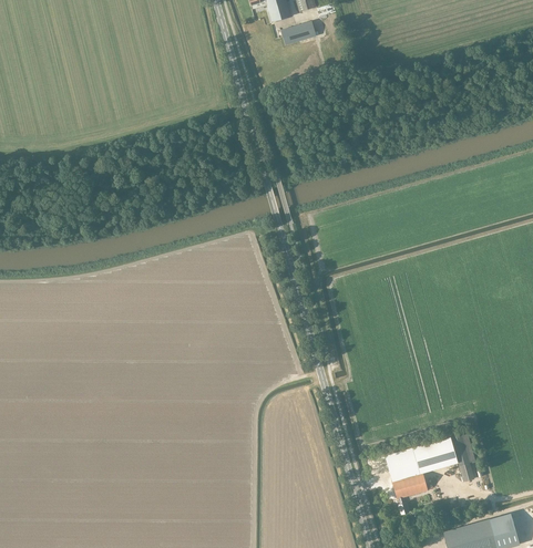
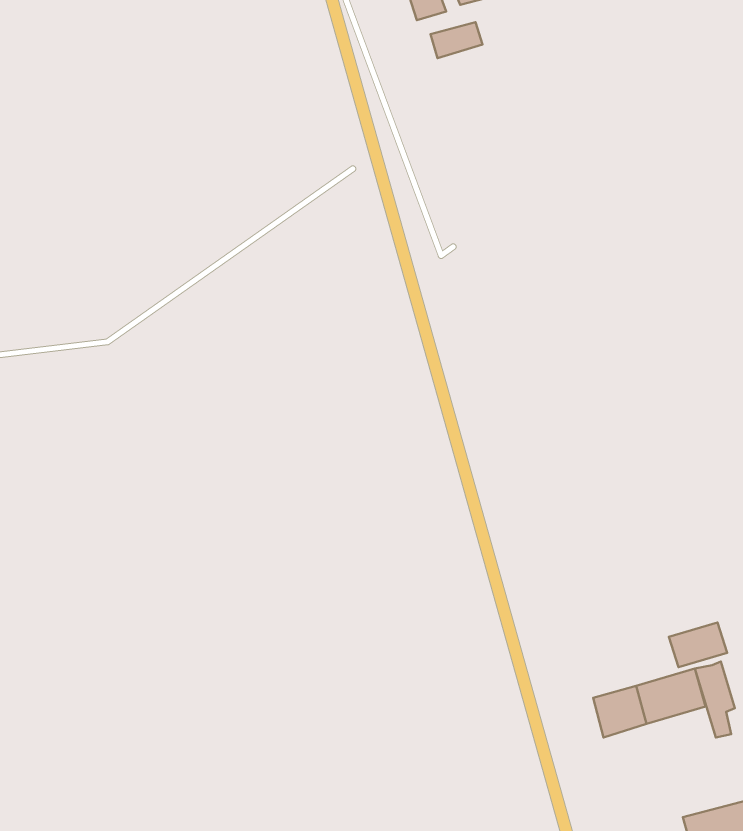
building: none -> [669,623,727,667]
building: [393,472,429,514] -> none

